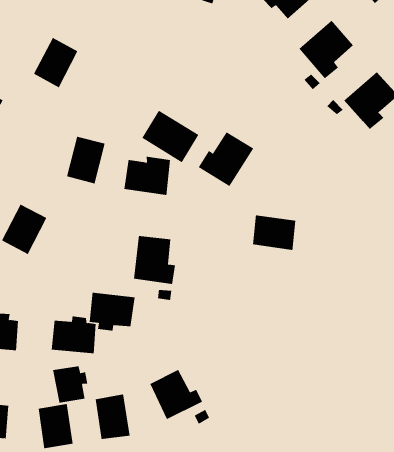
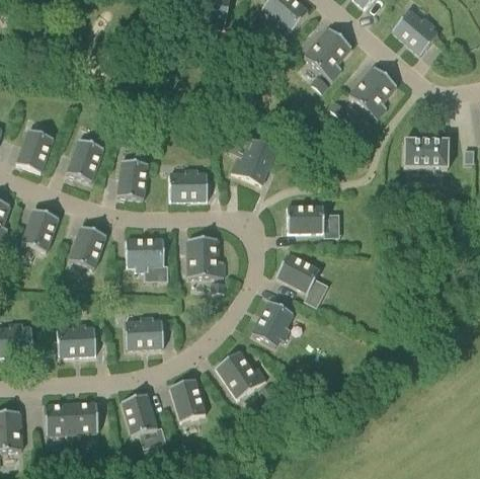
building: [33,37,78,88] -> [67,138,103,181]
building: [142,110,199,163] -> none
building: none -> [275,252,320,293]
building: [89,292,136,331] -> [126,238,164,270]
building: none -> [252,300,293,345]
building: [53,365,88,403] -> none

